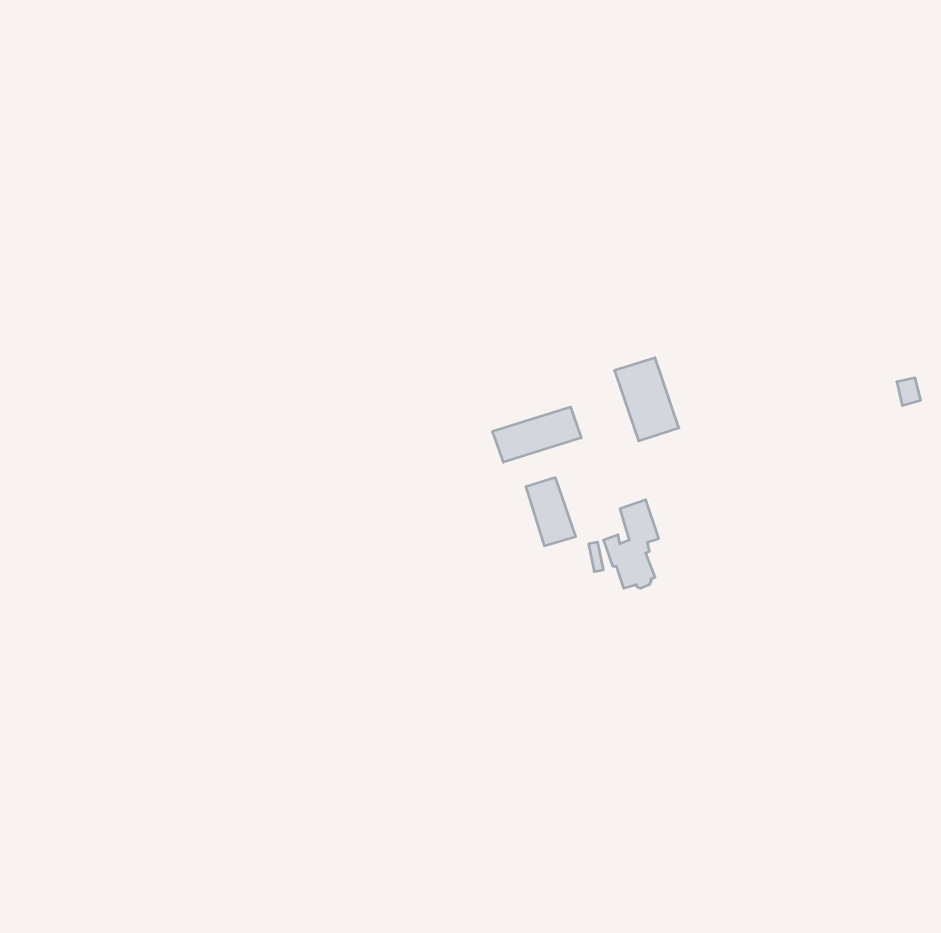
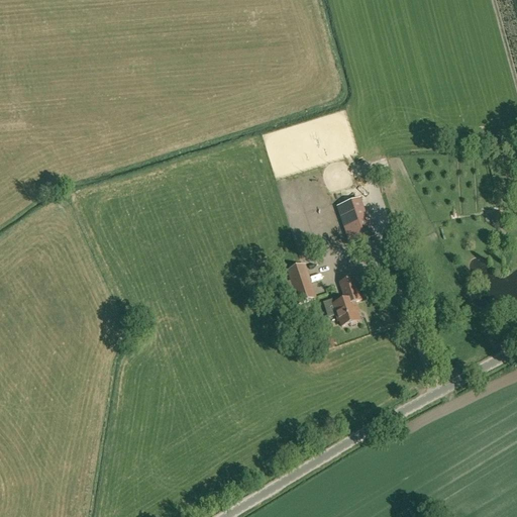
building: [493,407,581,462] -> none

